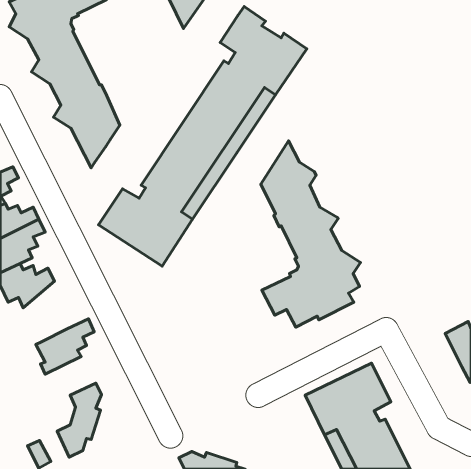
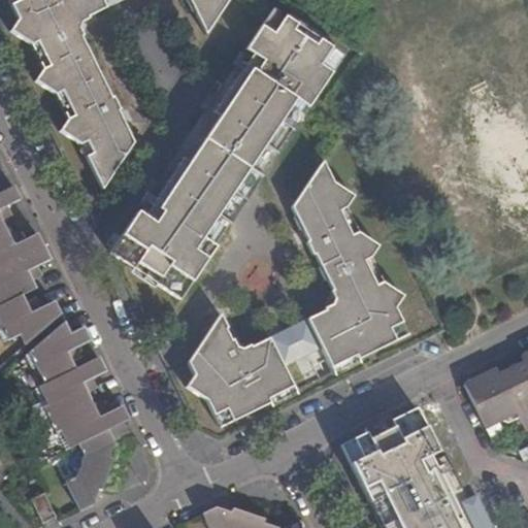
building: none -> [187,312,295,420]
building: none -> [31,322,90,383]
building: none -> [464,367,517,426]
building: none -> [51,399,129,447]

